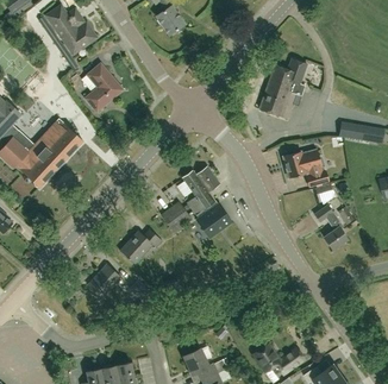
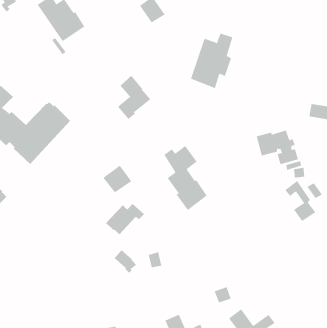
building: [259,58,306,119] -> [190,33,233,89]
building: [85,63,121,112] -> [117,75,151,120]
building: [159,201,192,232] -> [103,165,132,193]
building: [88,264,120,297] -> none

